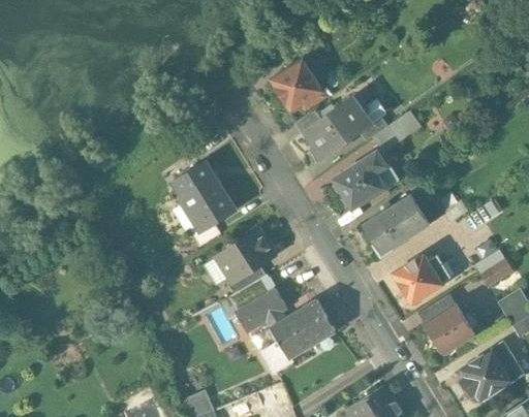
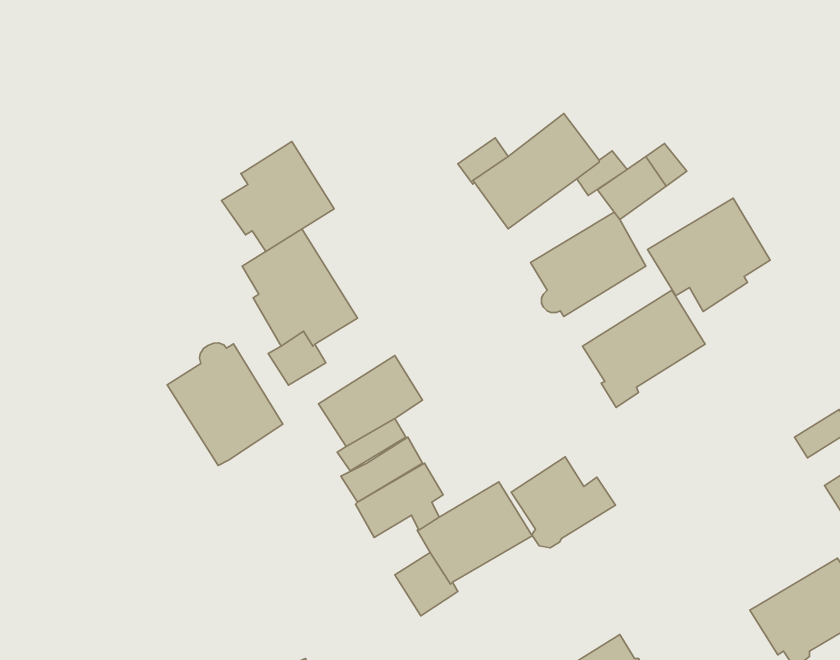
building: [272,60,326,111] -> none
building: none -> [221,141,334,251]
building: none -> [648,198,770,311]
building: none -> [167,343,283,466]
building: [394,253,452,303] -> [511,457,615,548]
building: [425,304,475,354] -> none

